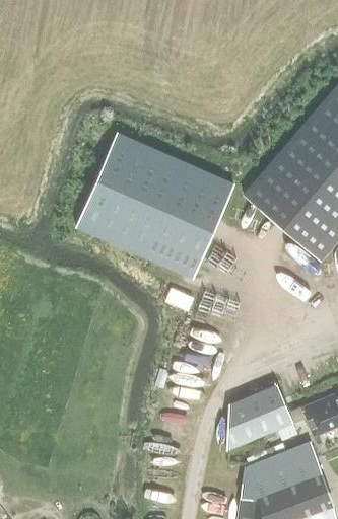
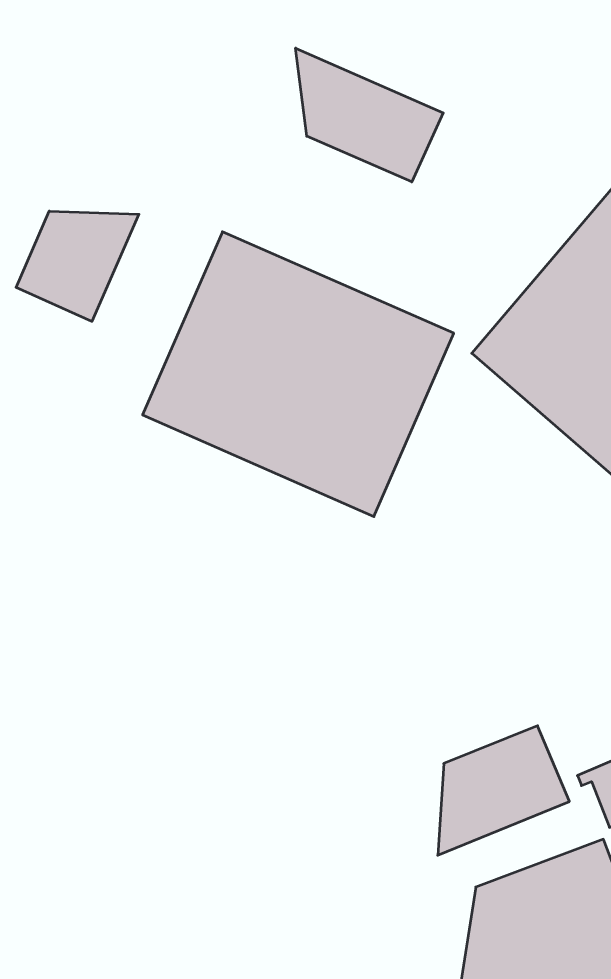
building: none -> [296,48,443,182]
building: none -> [16,211,139,321]

